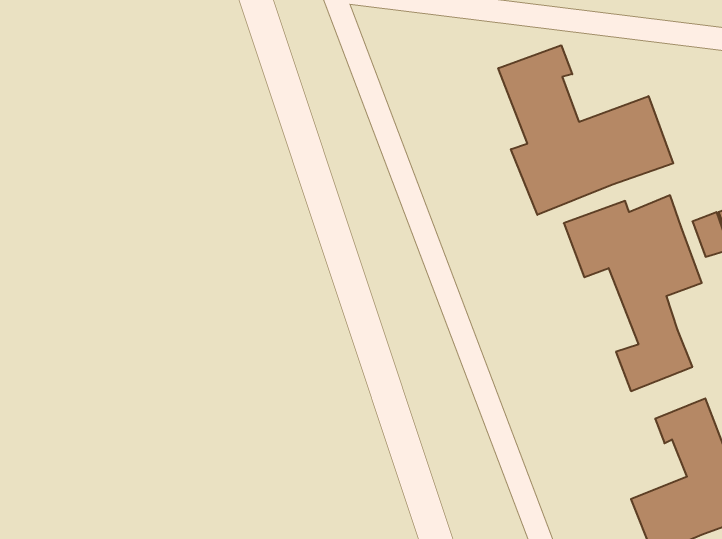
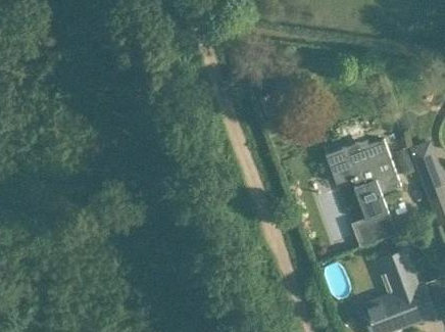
building: [498,45,673,215] -> none

